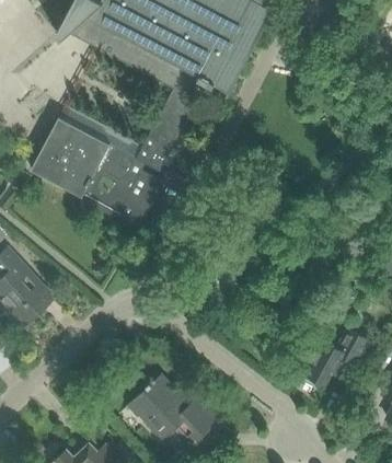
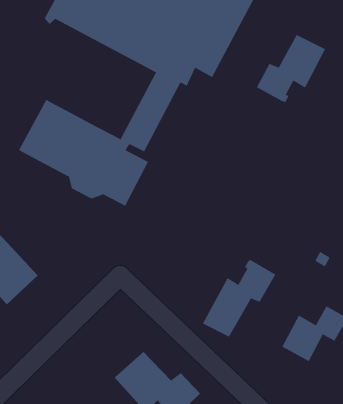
building: none -> [256,34,326,103]
building: none -> [202,259,276,338]

